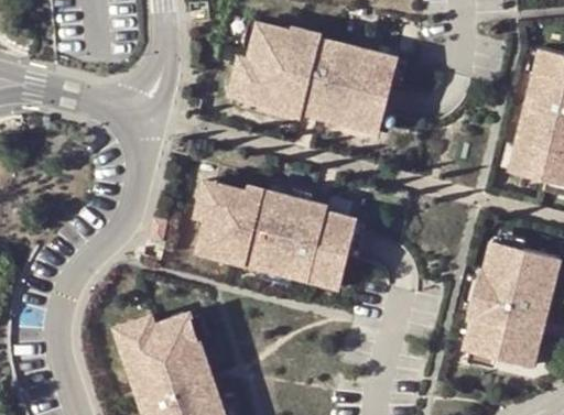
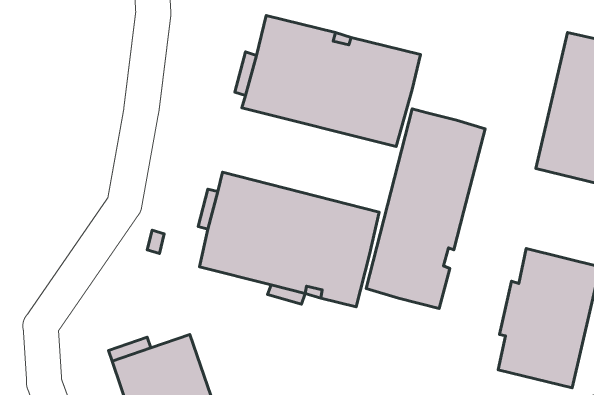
building: none -> [366,109,485,309]

